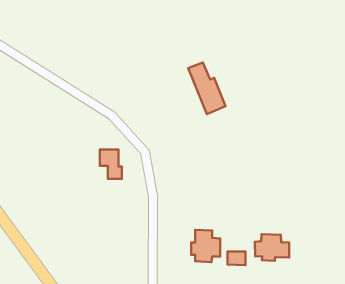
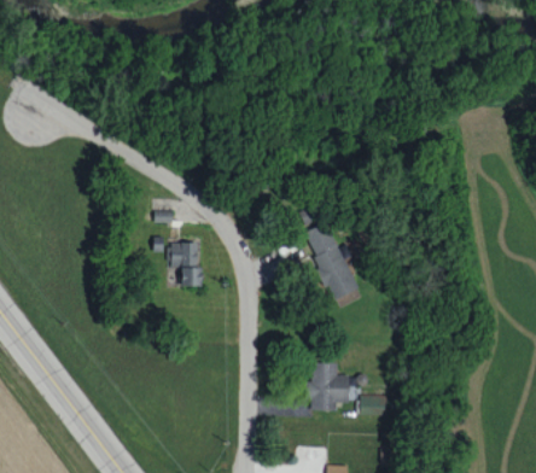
building: [188,63,225,114] -> [304,223,360,300]
building: [255,234,289,261] -> none

